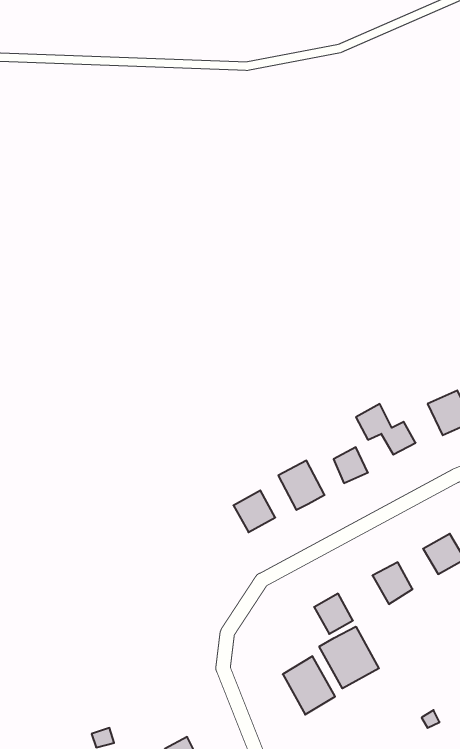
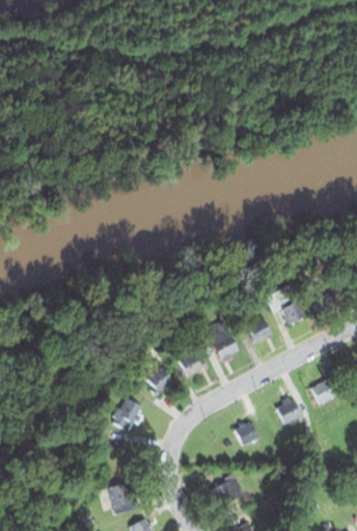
building: none -> [143,368,173,398]
building: none -> [110,396,143,432]
building: [319,627,379,688] -> none
building: none -> [109,483,141,513]

